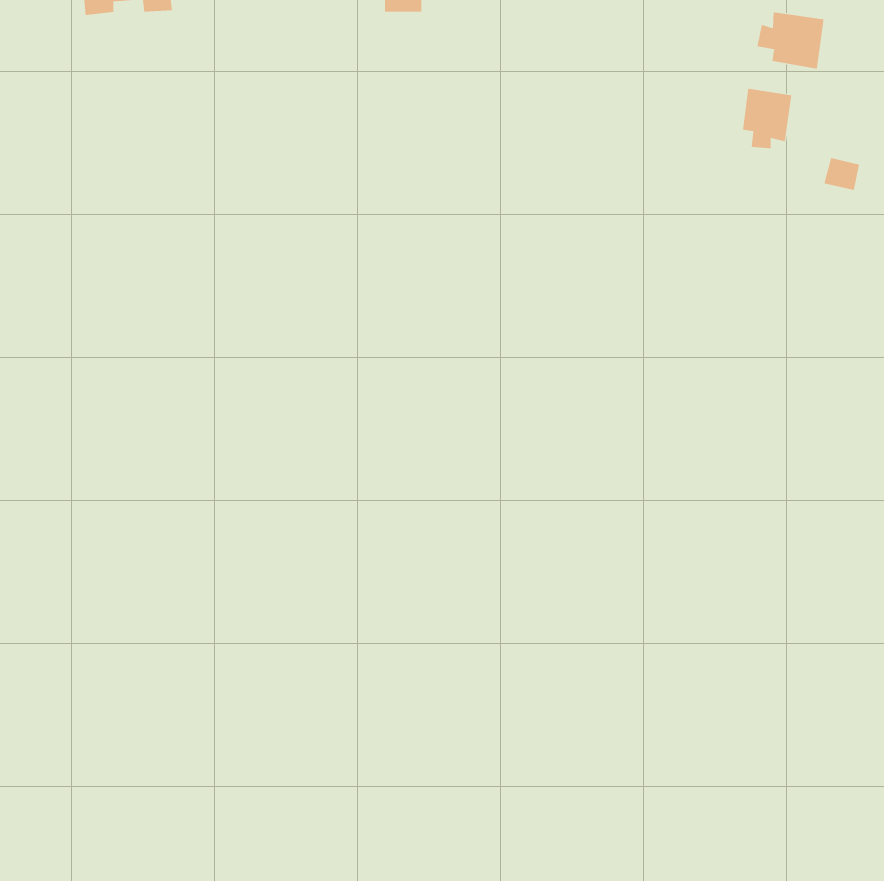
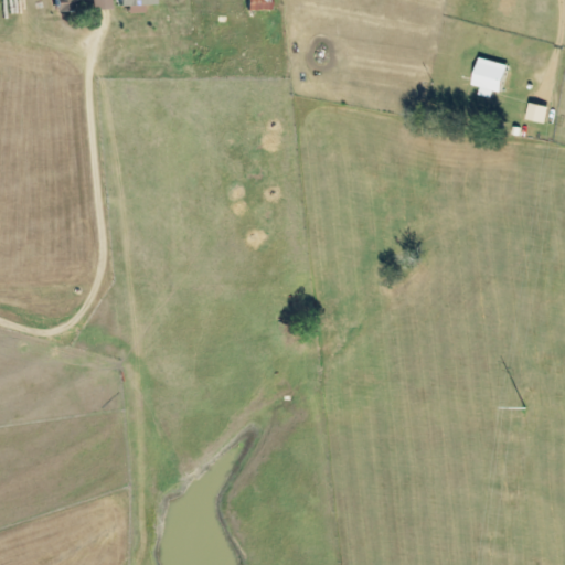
building: [757,11,824,69] -> none

